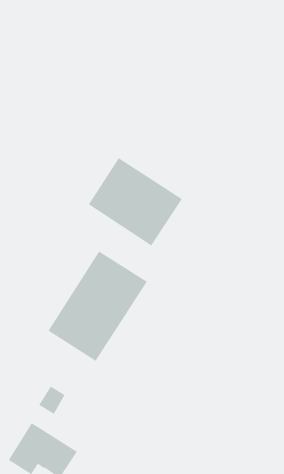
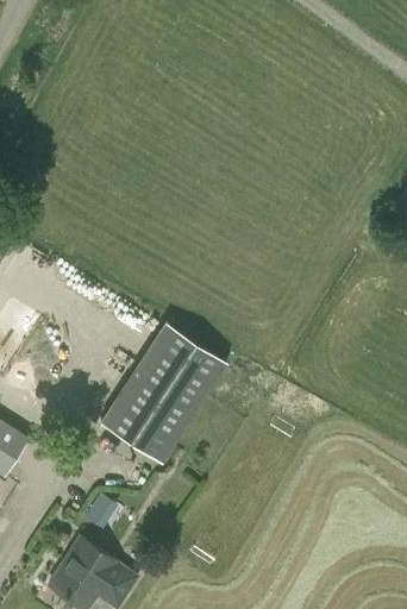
building: [88,157,183,246] -> none

